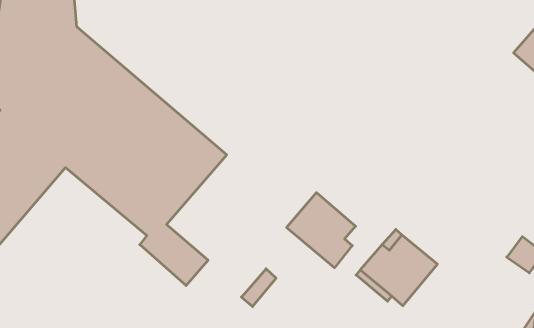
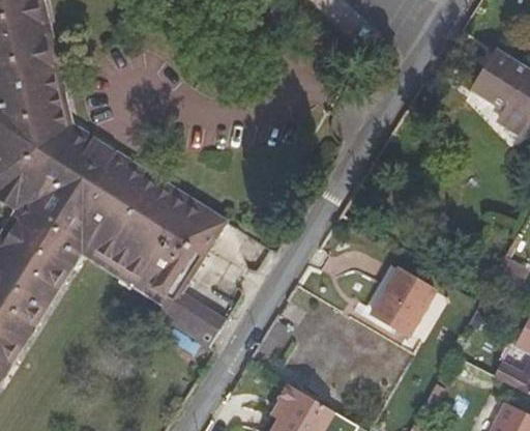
building: [287,193,356,268] -> none

